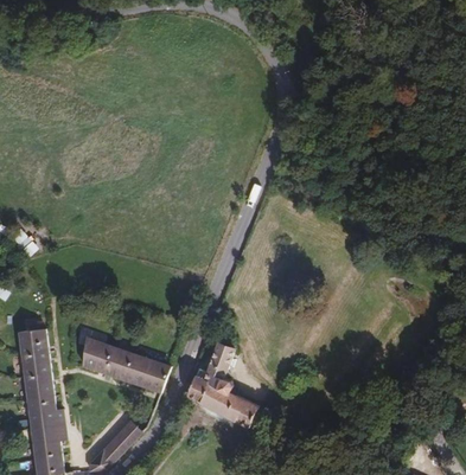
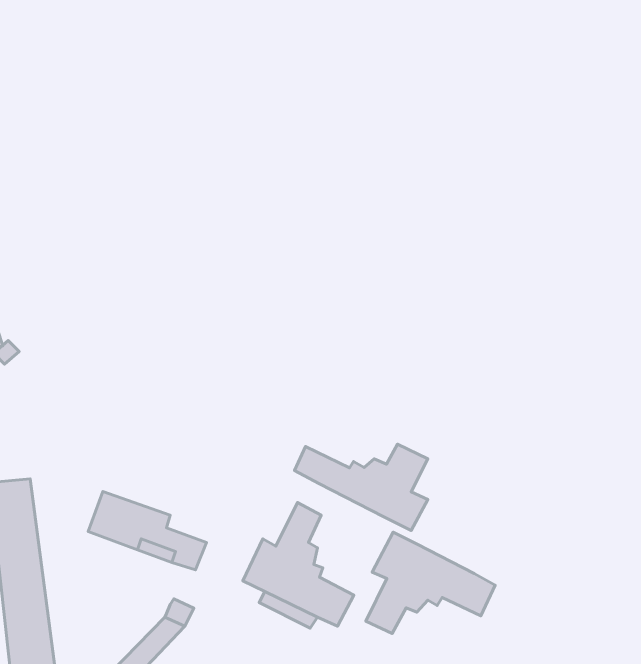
building: none -> [294,444,428,530]
building: none -> [366,532,495,634]

